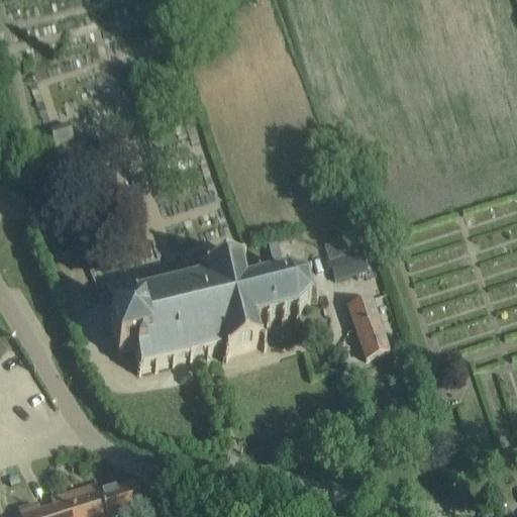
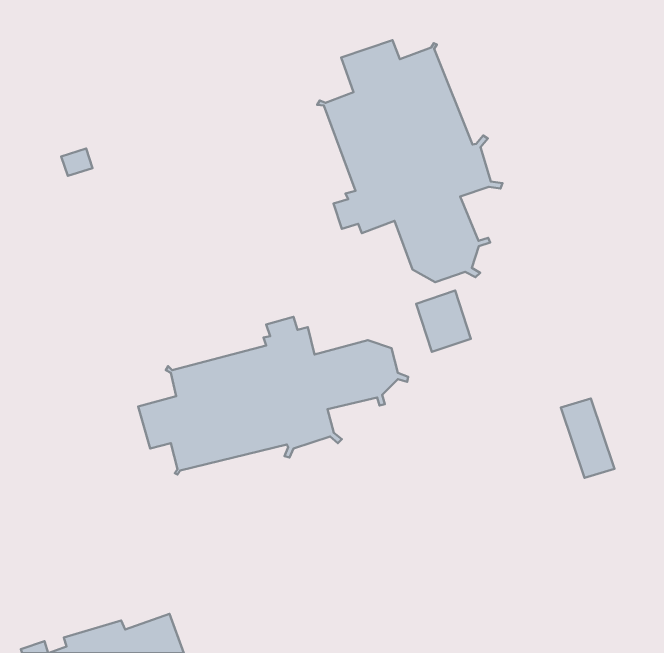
building: none -> [317,40,502,282]
building: [345,292,387,353] -> [561,398,614,478]

